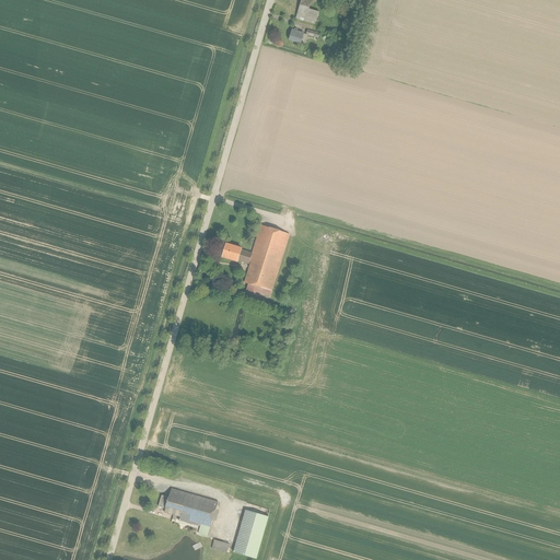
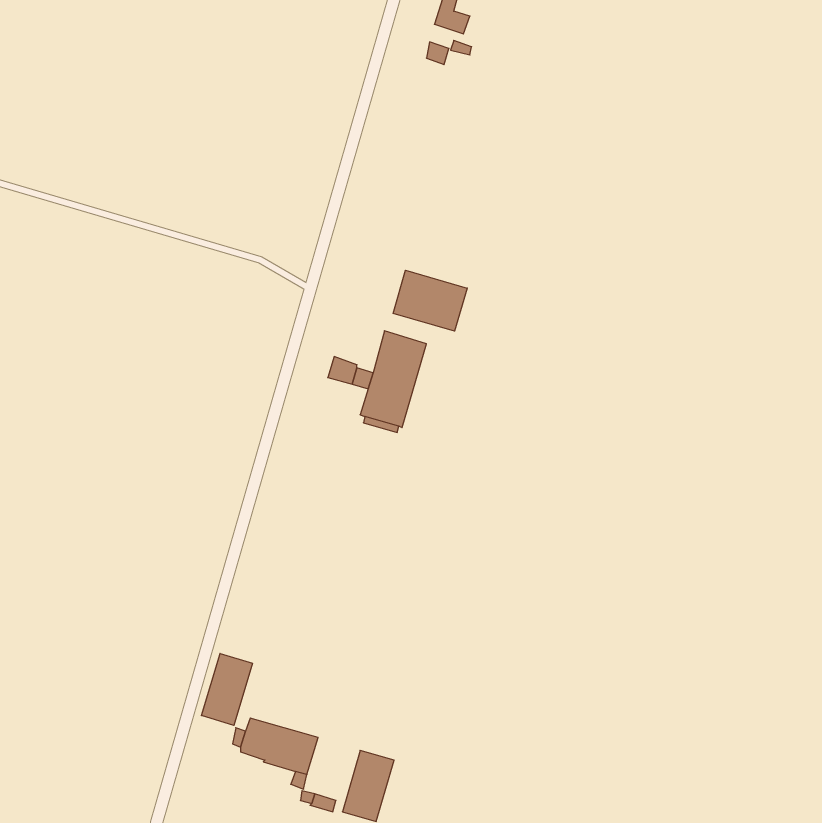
building: none -> [393,270,467,331]
building: none -> [201,653,253,725]

